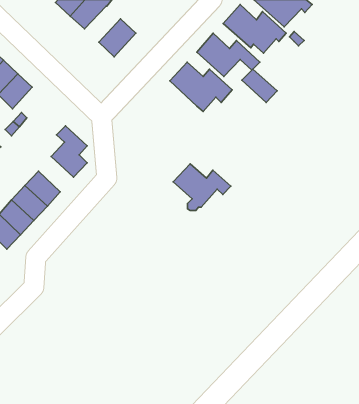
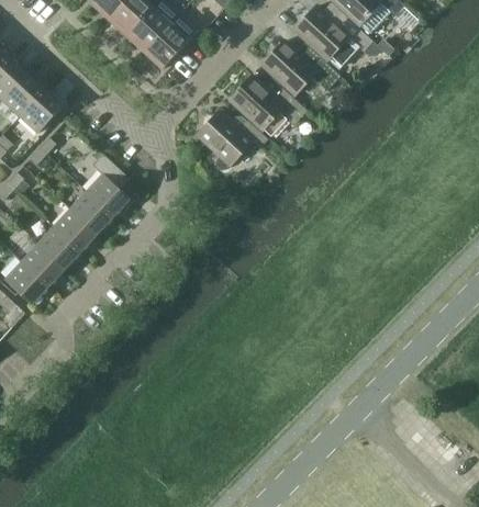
building: none -> [125,8,169,52]
building: [242,69,277,103] -> none
building: none -> [69,191,112,234]
building: [173,164,231,211] -> [197,112,267,169]

